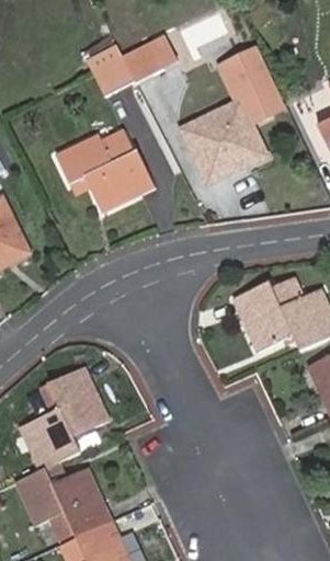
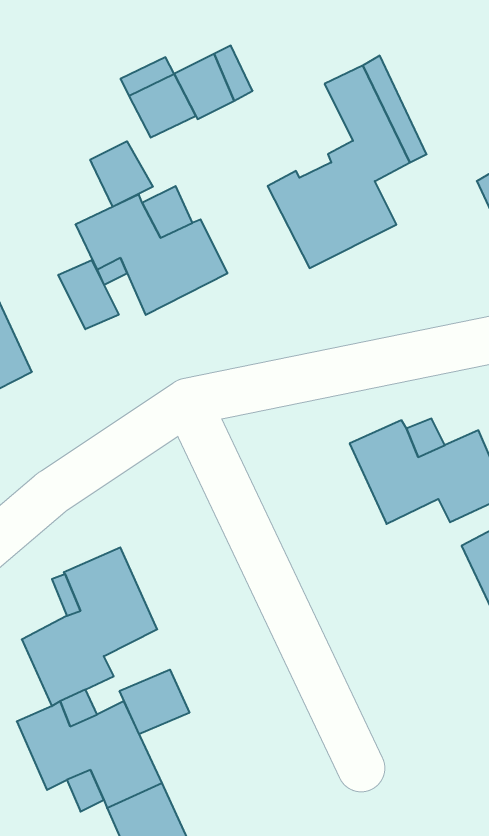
building: none -> [90,141,153,207]
building: none -> [58,260,119,329]
building: none -> [120,670,189,734]

